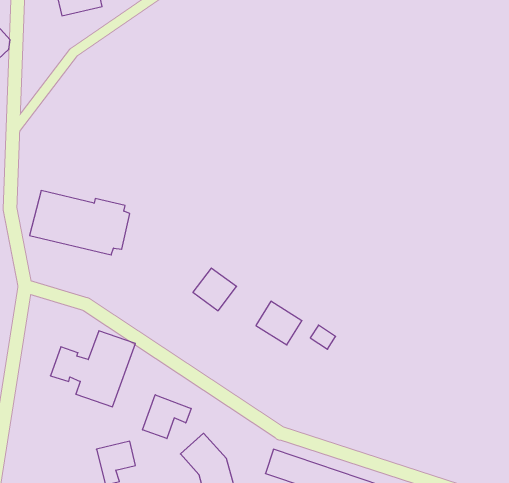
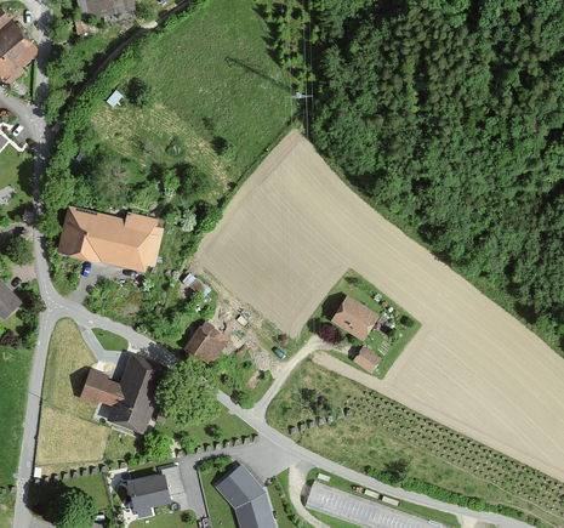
building: [193,268,237,311] -> [184,323,230,368]
building: [256,301,302,345] -> [331,296,380,342]
building: [143,395,191,439] -> none

